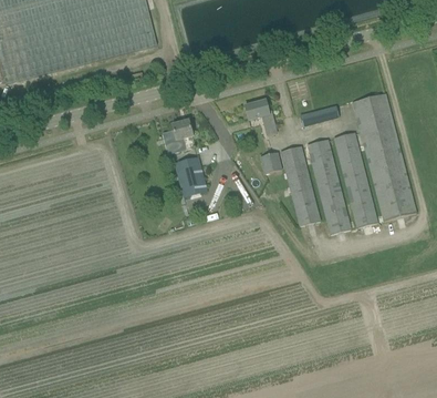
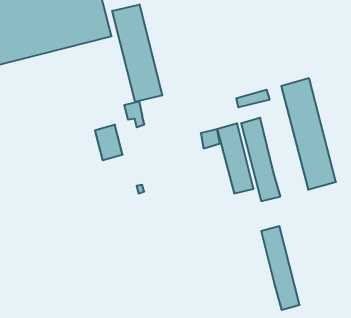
building: none -> [112,4,162,102]
building: [243,98,275,133] -> none
building: [333,130,377,226] -> [261,226,300,310]
building: [174,154,206,195] -> [95,125,123,160]

